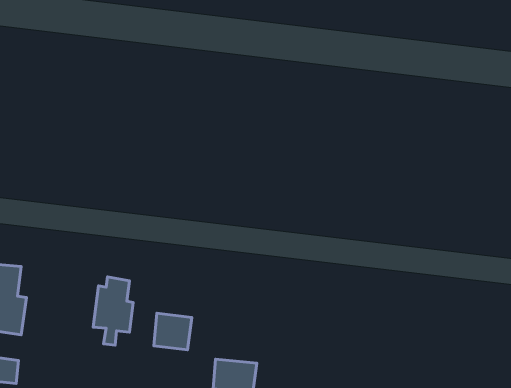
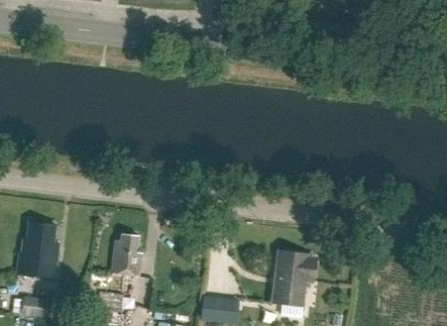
building: none -> [272,252,313,304]
building: [154,313,192,350] -> none

